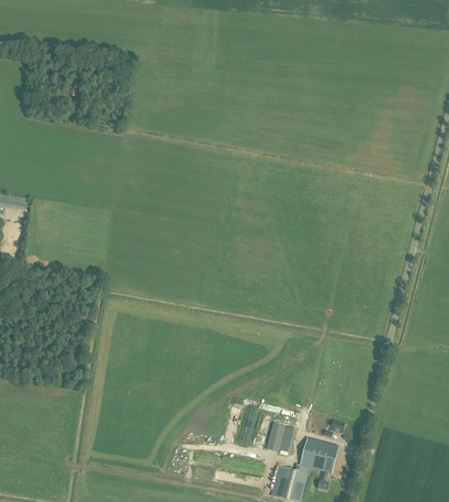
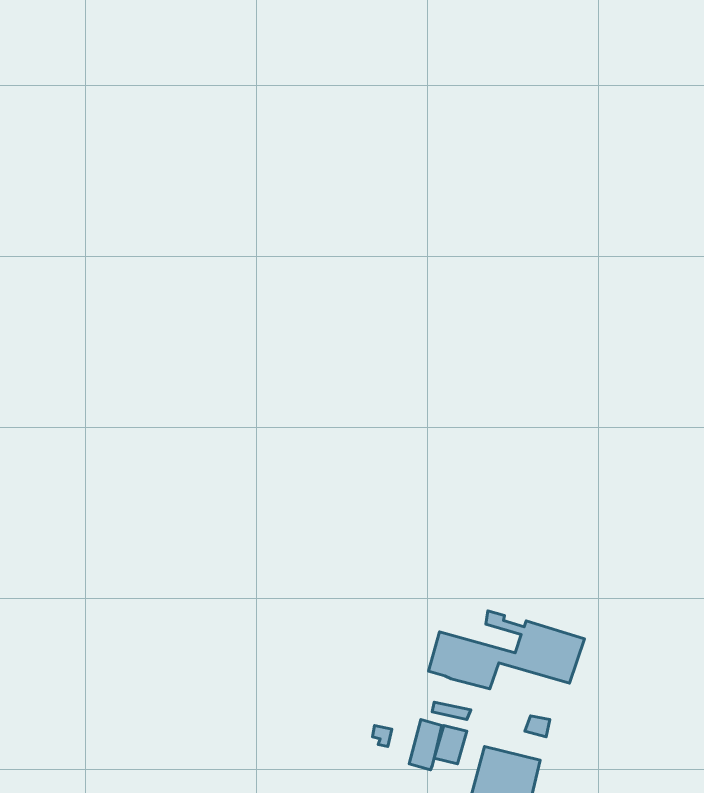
building: none -> [428,611,585,689]

